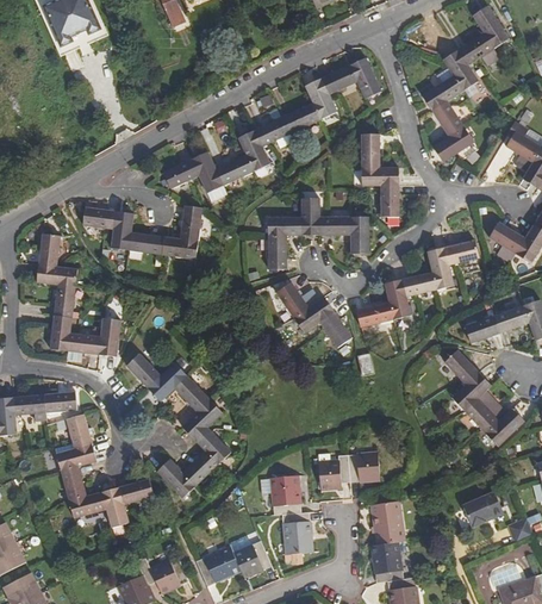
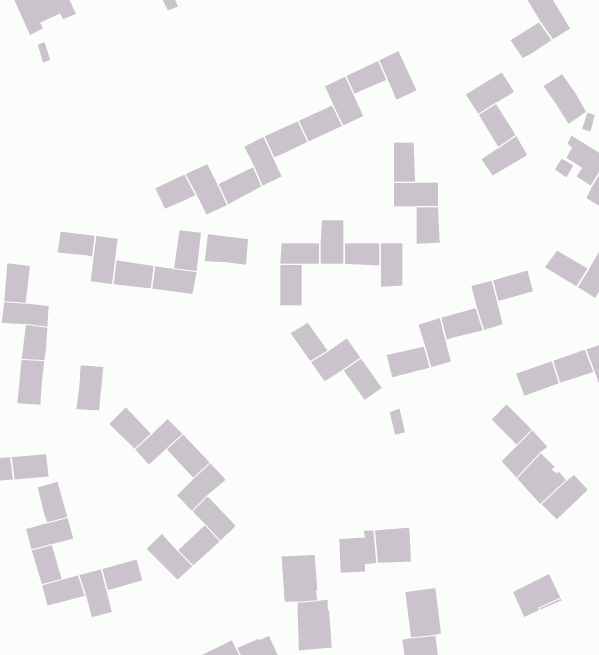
building: [442,48,479,91] -> [542,73,587,125]
building: none -> [204,234,249,265]
building: [70,332,101,354] -> none

